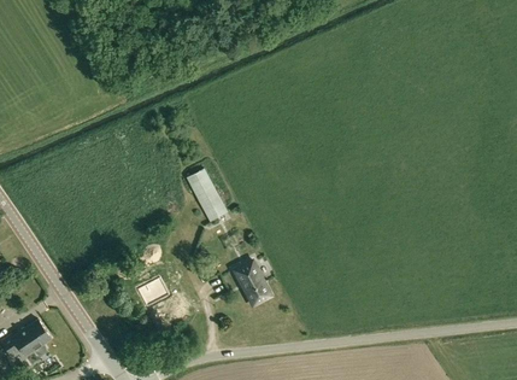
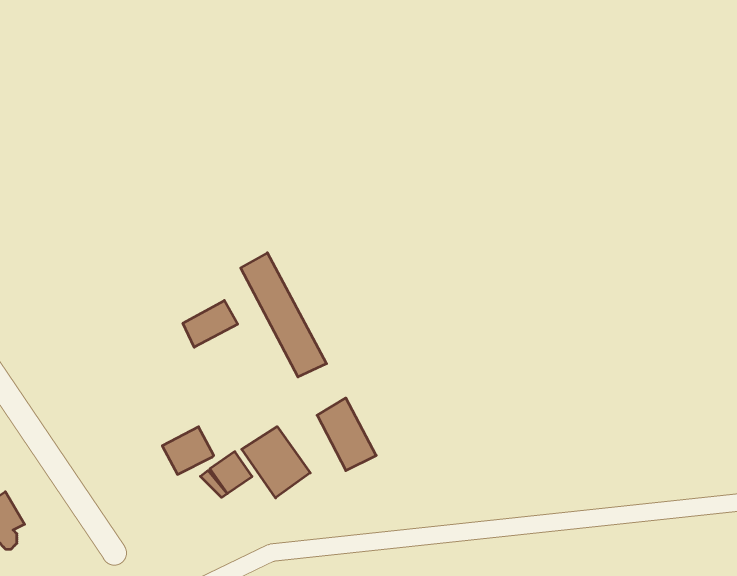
building: none -> [183,300,238,347]
building: none -> [242,427,310,498]

